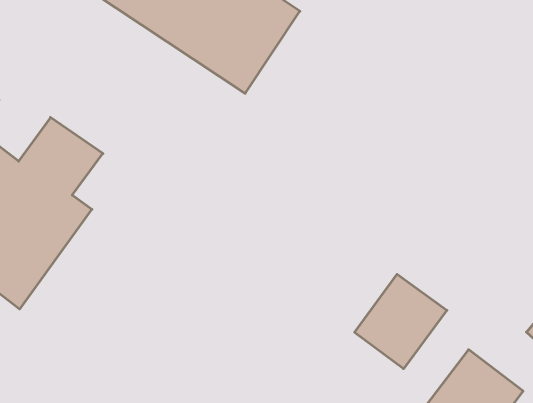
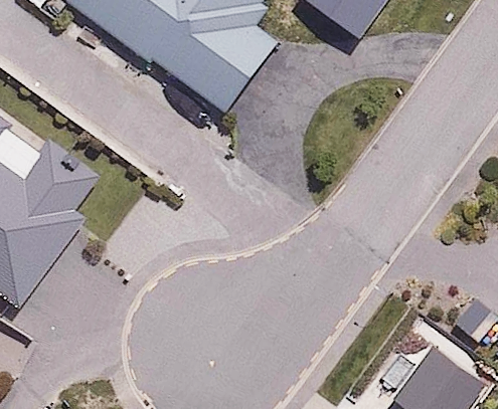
building: [355,274,447,369] -> none

